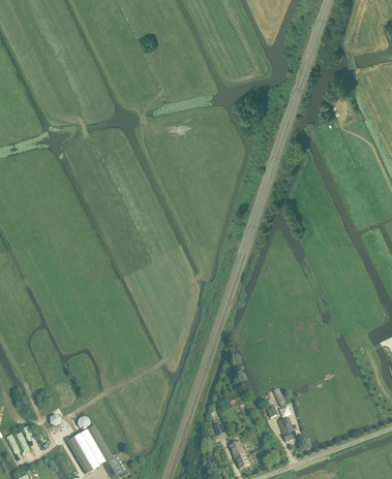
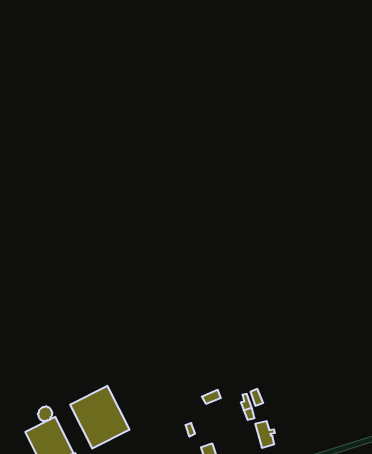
building: none -> [70,386,129,449]

